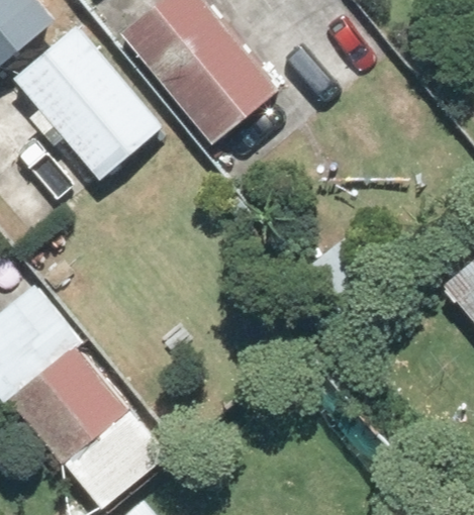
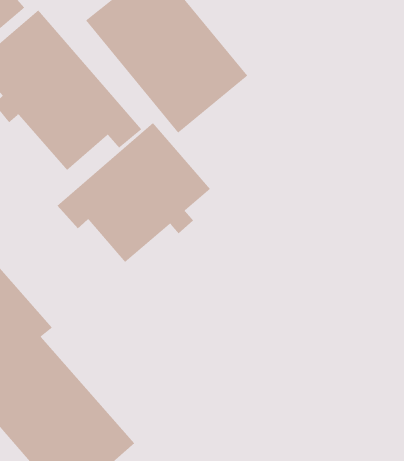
building: none -> [56,122,211,263]

